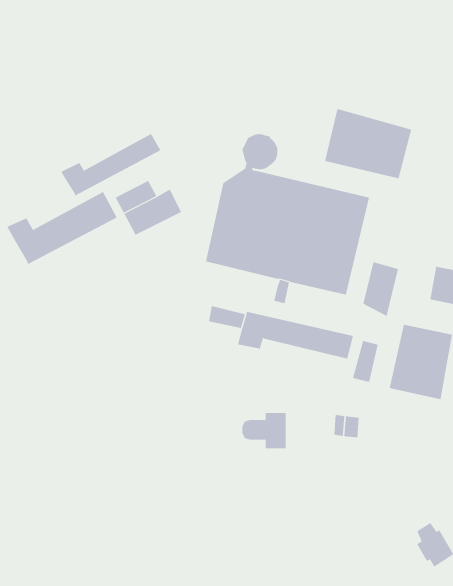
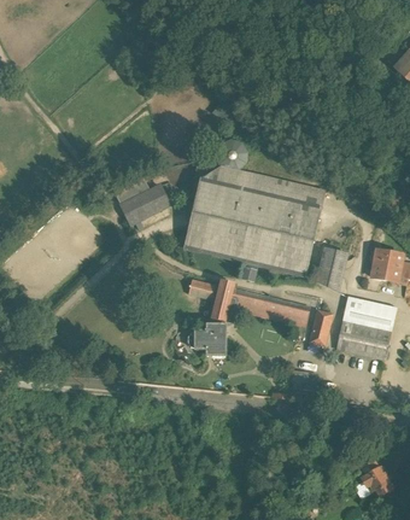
building: [325,108,412,179] -> none
building: [61,133,161,196] -> none
building: [7,191,118,265] -> none
building: [241,412,287,449] -> [188,327,225,357]

